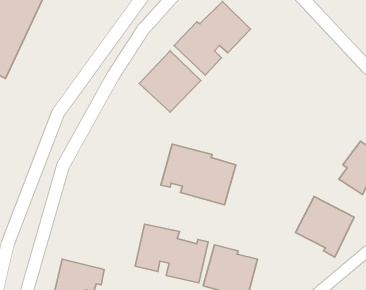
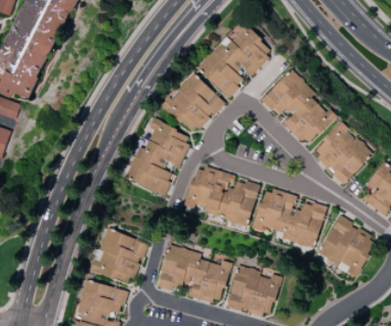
building: none -> [261,69,338,146]
building: none -> [126,120,191,195]
building: none -> [311,123,374,184]
building: none -> [252,187,325,246]
building: none -> [91,228,148,284]

